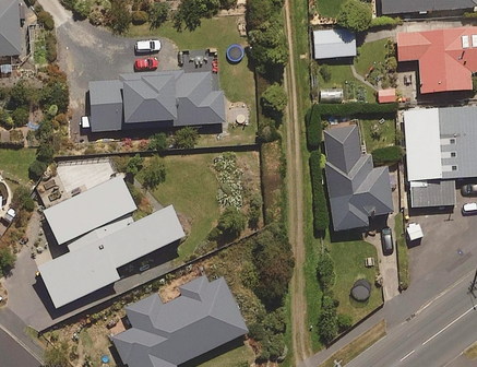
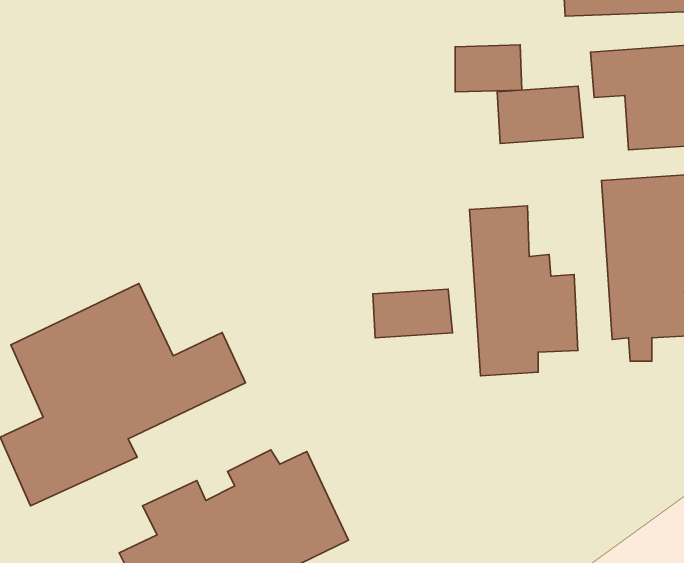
building: none -> [497,86,583,144]
building: [91,70,226,132] -> none
building: none -> [373,289,453,338]

